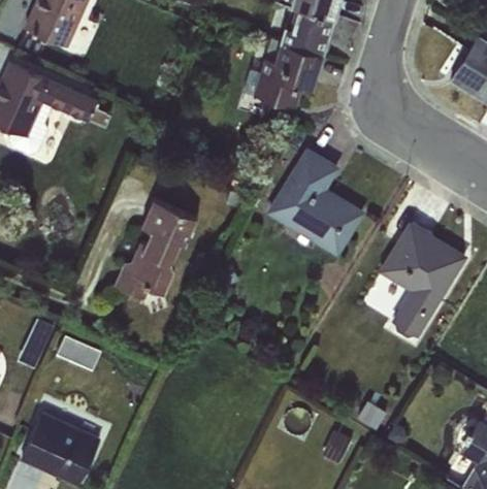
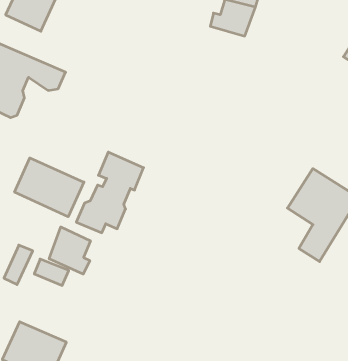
building: [242,42,324,108] -> none
building: [265,146,365,258] -> none
building: none -> [15,158,84,217]
building: none -> [49,227,90,274]

